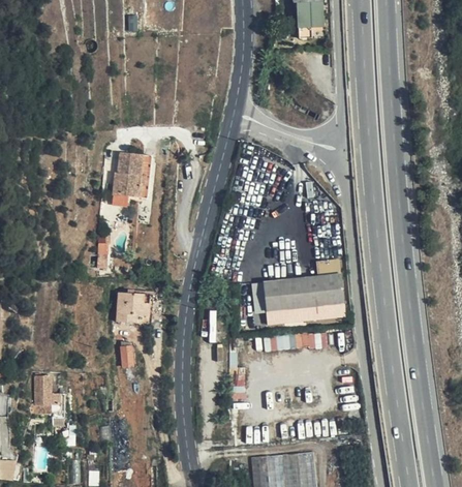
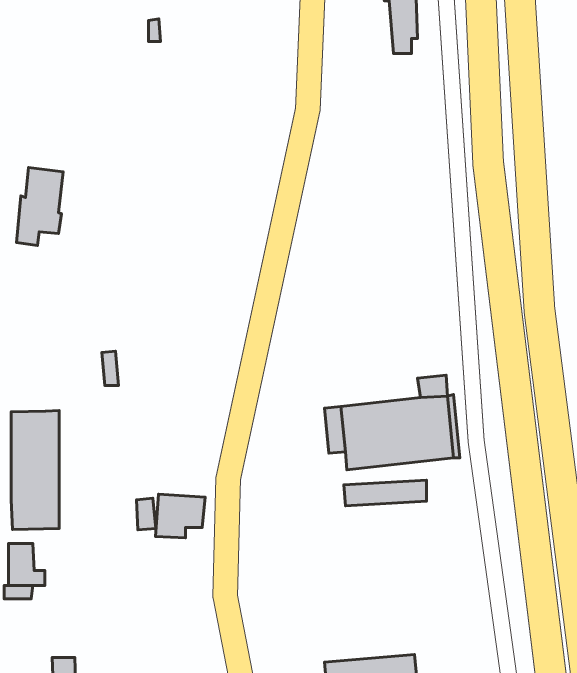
building: [111,152,143,206] -> [16,167,63,246]
building: none -> [11,410,59,529]
building: [116,293,150,323] -> [155,494,205,538]

